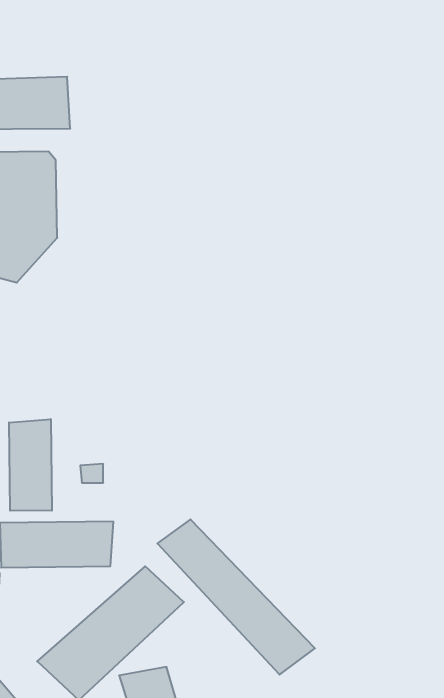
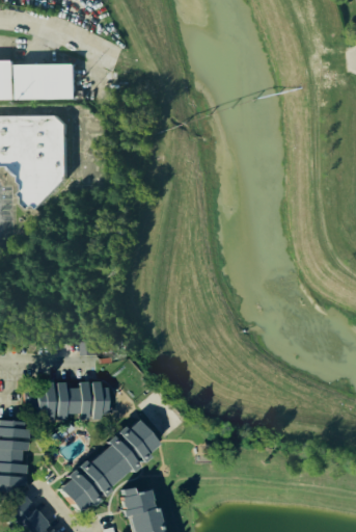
building: [9,419,52,511] -> none
building: [157,519,315,675] -> none

